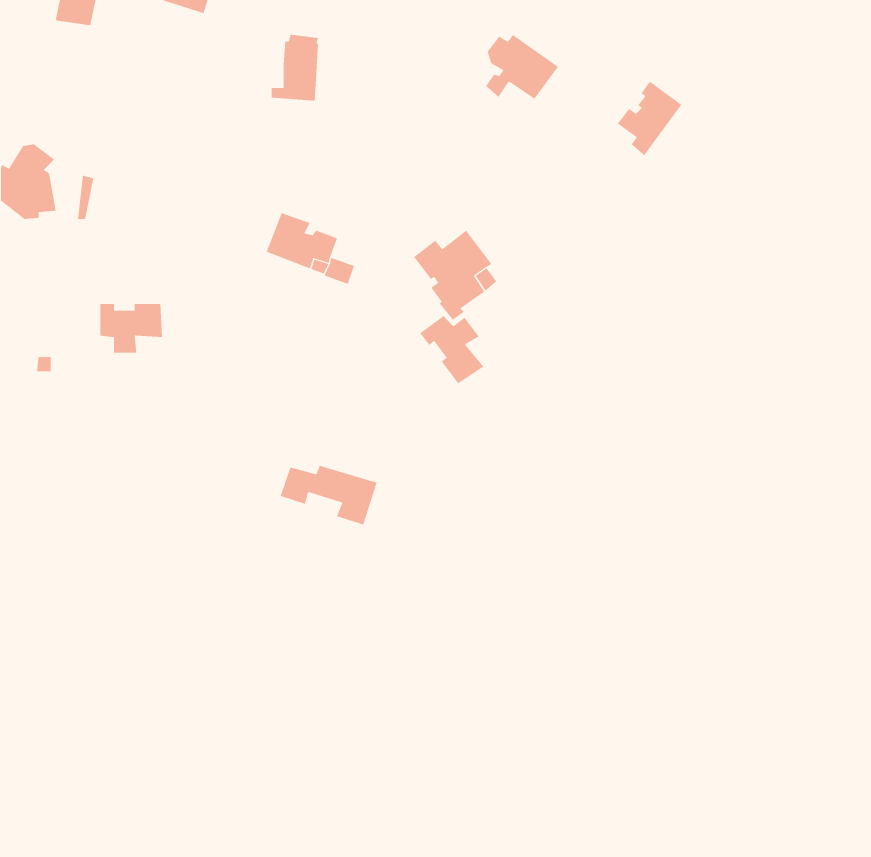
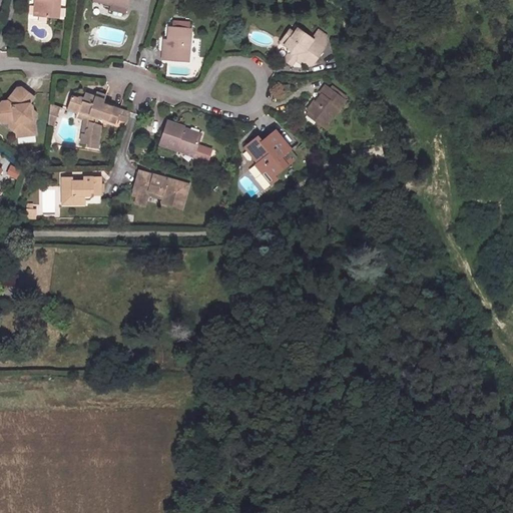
building: [617,81,682,156] -> [311,76,349,120]
building: none -> [66,91,128,149]
building: [420,315,484,384] -> none
building: [280,465,377,525] -> [128,176,185,211]

